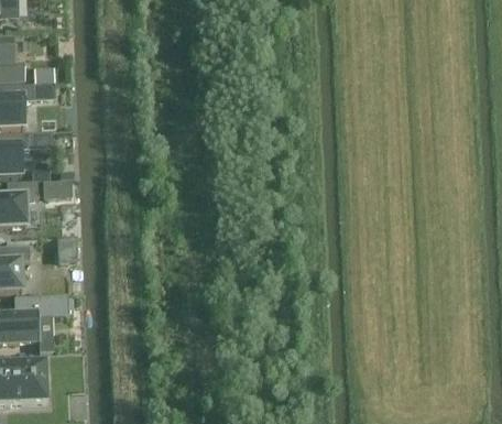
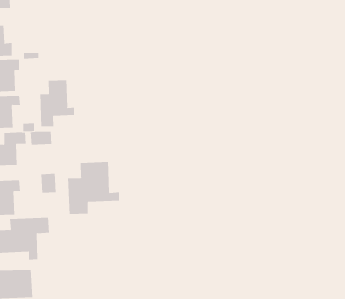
building: none -> [40,79,74,127]
building: none -> [67,161,120,215]

